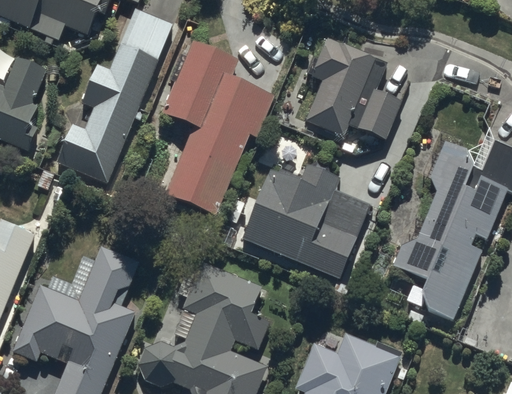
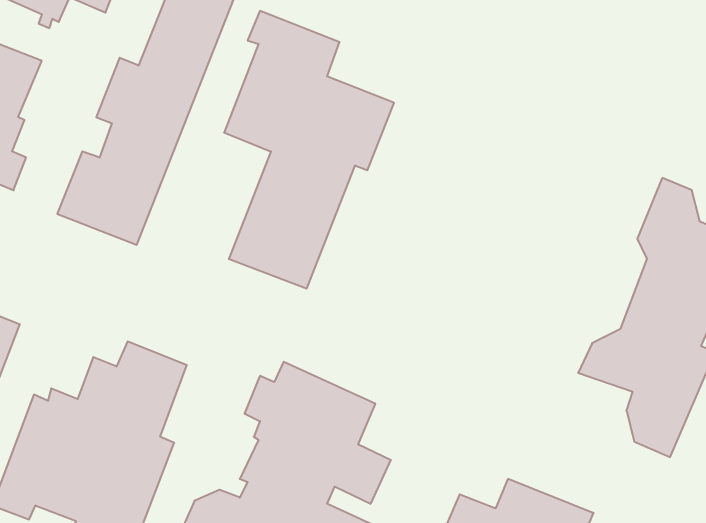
building: [304,34,402,138] -> none
building: [243,163,370,278] -> none

